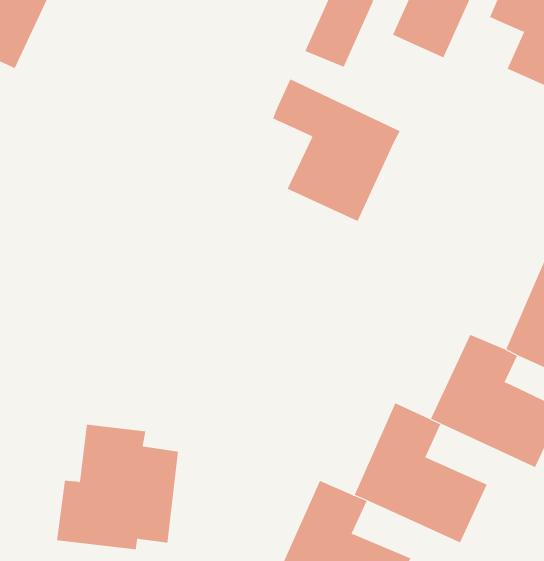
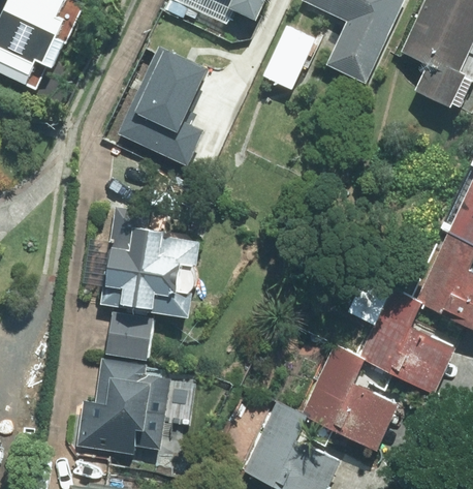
building: none -> [119,45,211,164]
building: [272,78,401,222] -> none
building: none -> [101,209,202,316]
building: none -> [104,315,153,361]

